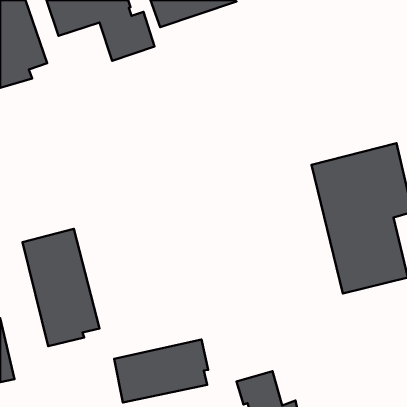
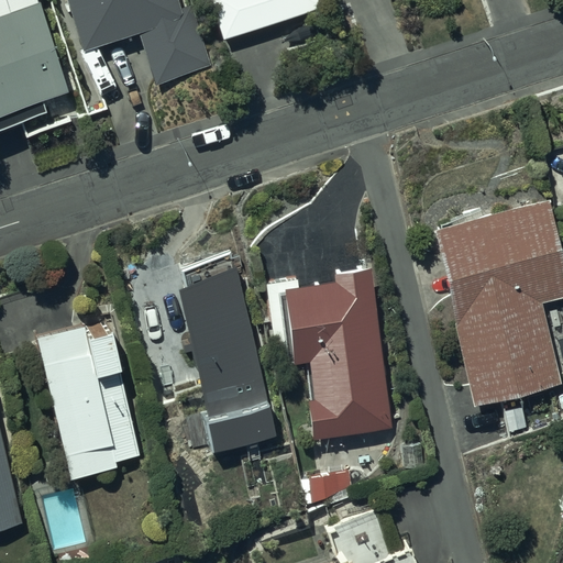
building: none -> [179,255,277,450]
building: none -> [266,267,391,437]
building: [114,340,208,402] -> none

